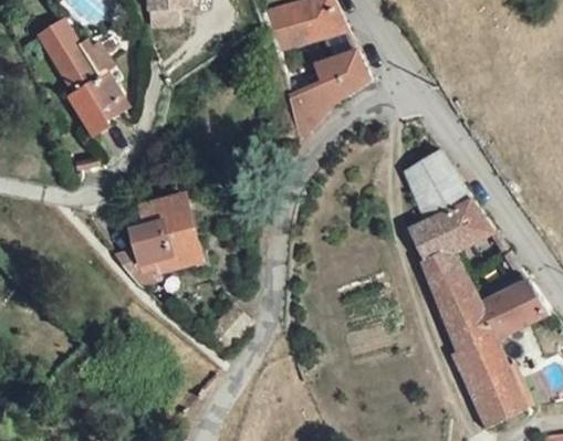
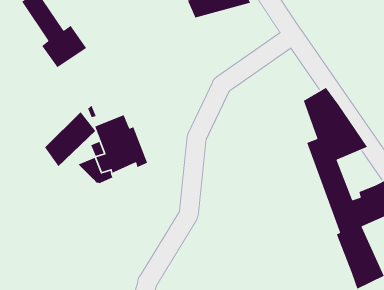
building: [288,49,368,135] -> none
building: none -> [44,111,96,167]

